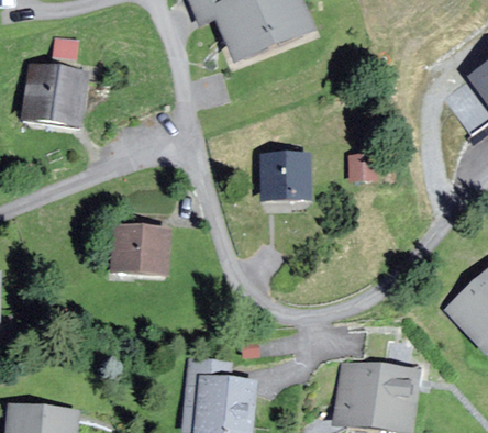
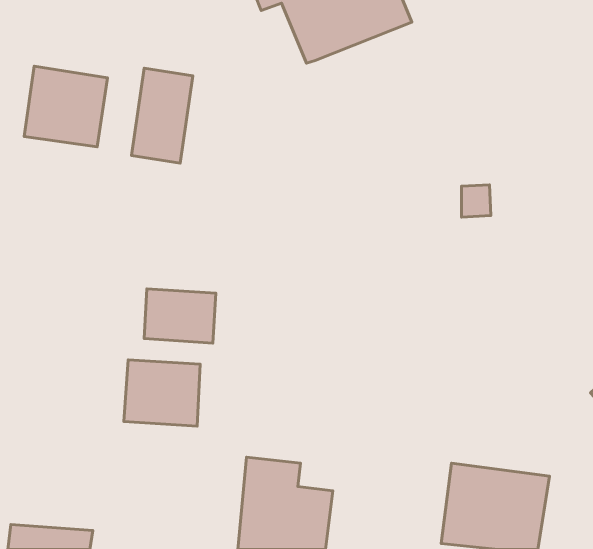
building: none -> [131,68,193,163]
building: [260,154,312,198] -> none
building: none -> [124,360,200,426]

